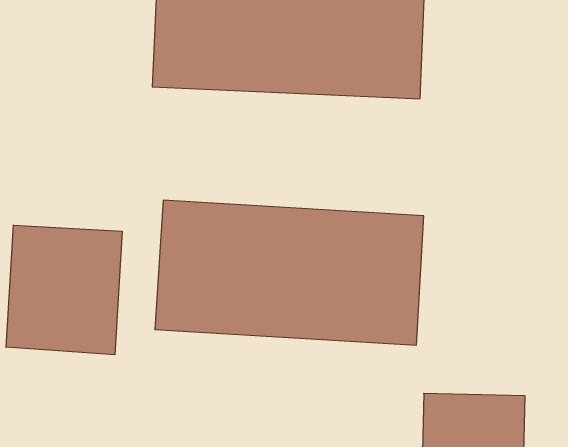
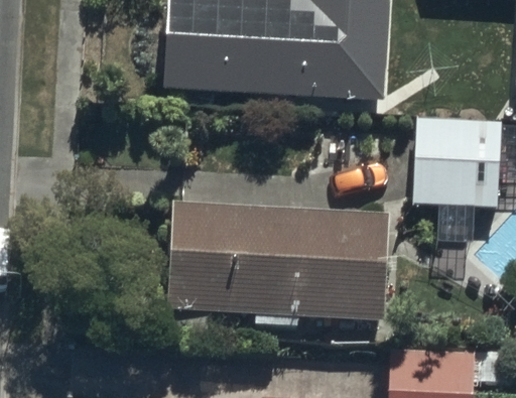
building: none -> [412,118,502,210]
building: [6,225,122,355] -> none

